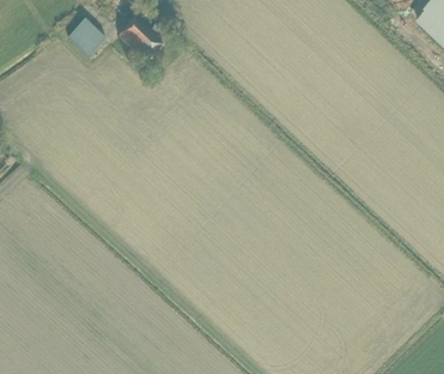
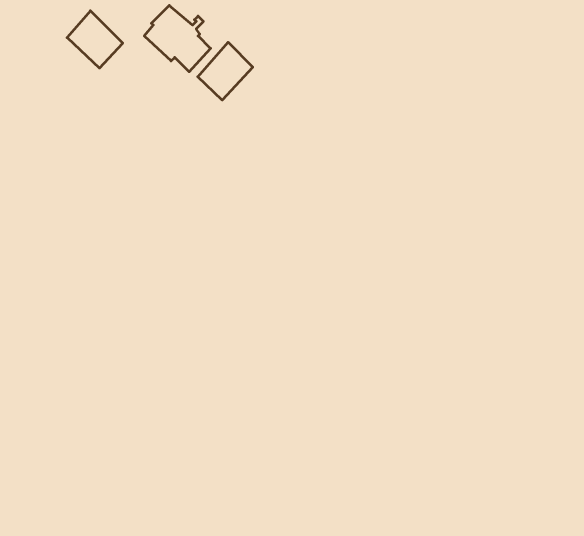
building: none -> [198,42,253,100]

